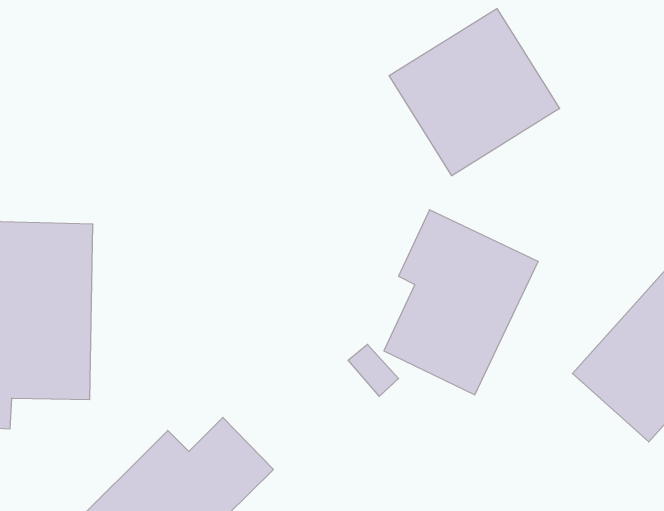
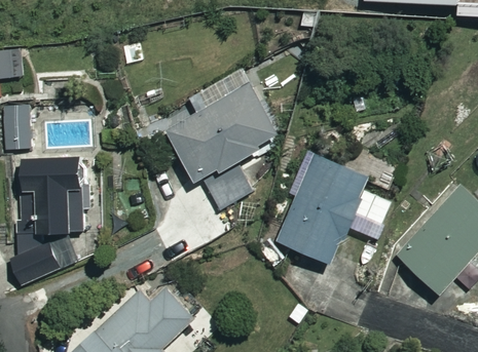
building: [389,9,560,176] -> none
building: none -> [163,81,282,214]

